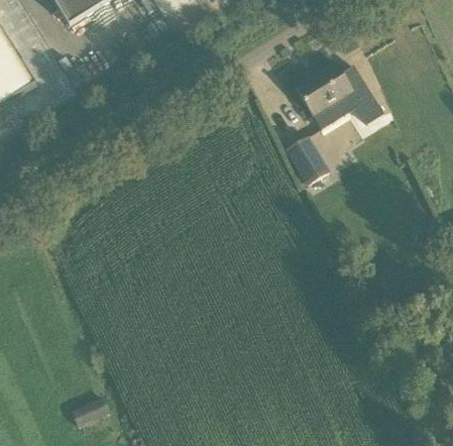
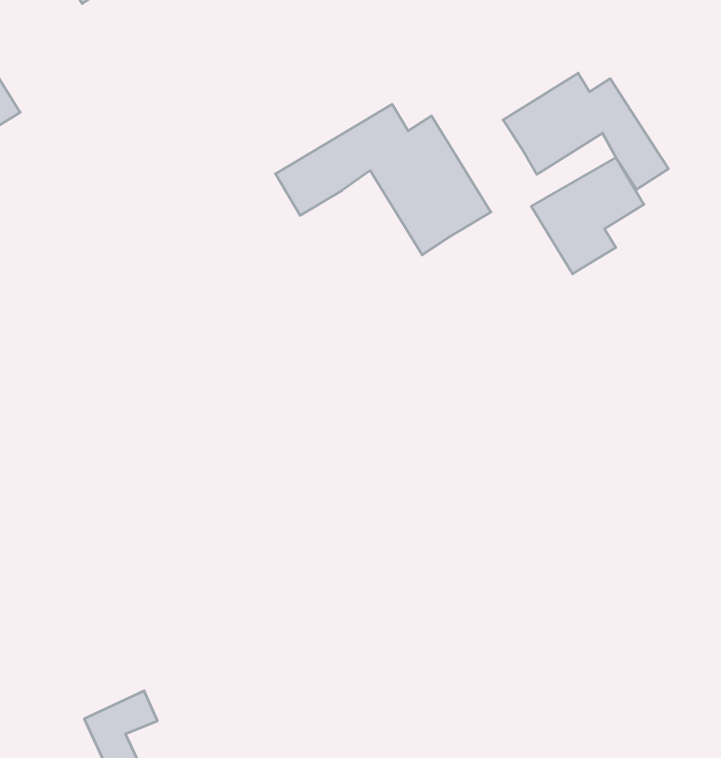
building: none -> [275,104,491,255]
building: [286,137,327,184] -> none

